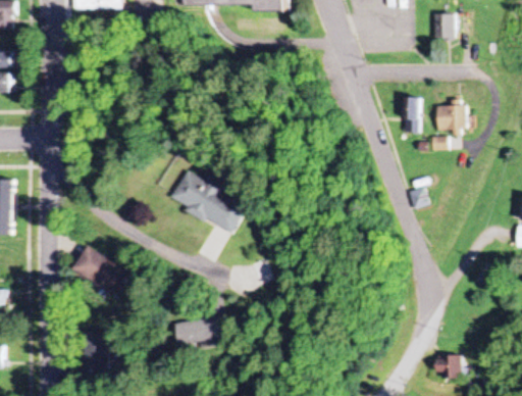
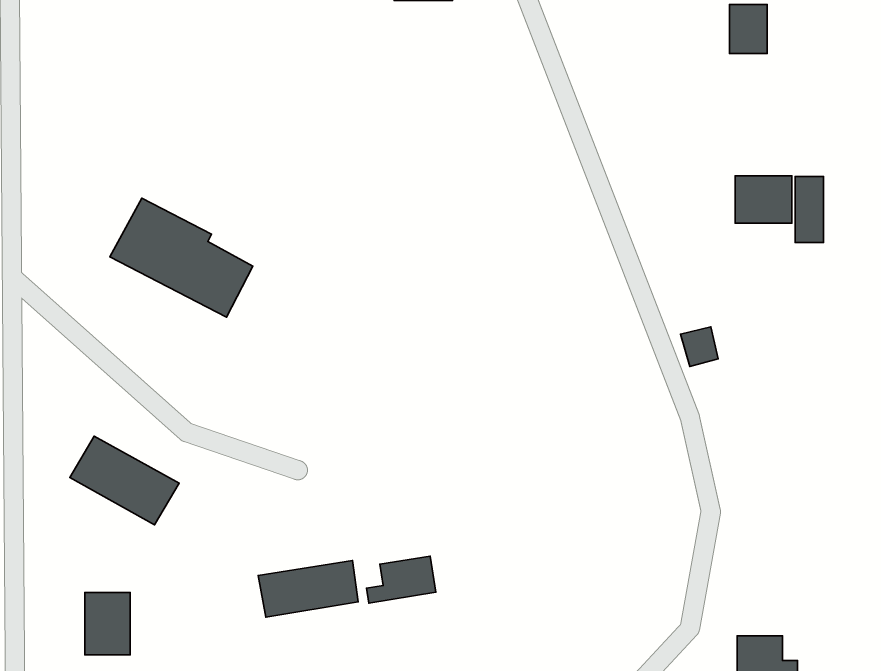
building: [402,97,417,133] -> [795,176,823,242]
building: [168,168,246,233] -> [110,198,253,317]
building: none -> [366,556,436,603]

